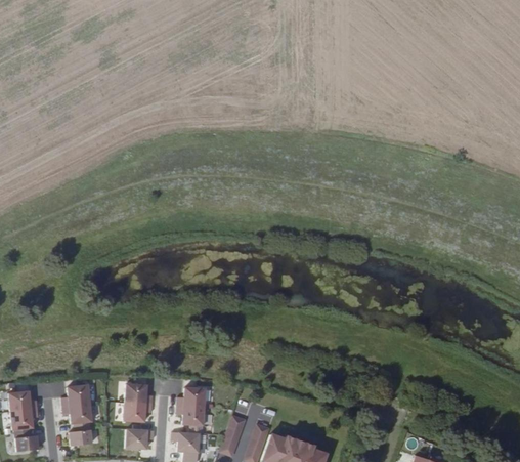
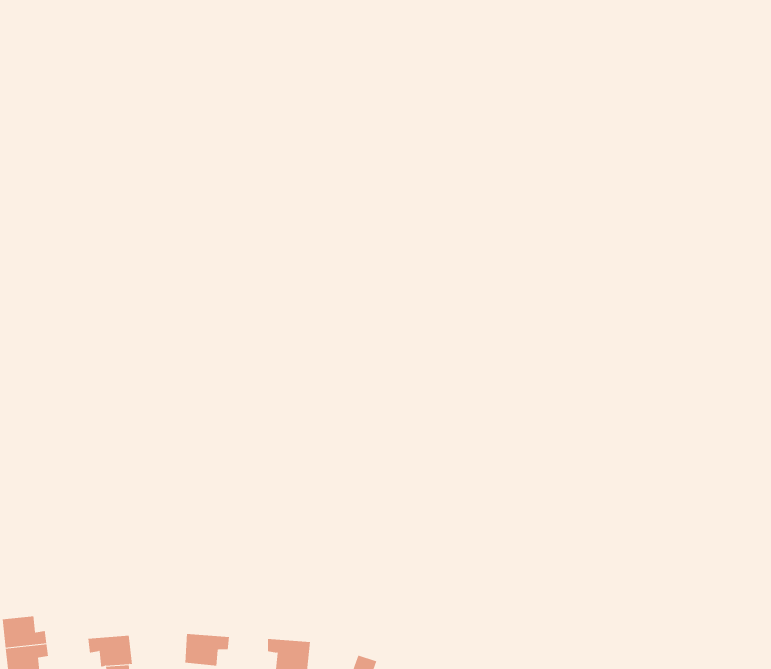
building: [126,383,154,404] -> none
building: [62,384,90,405] -> none
building: [177,386,206,407] -> none

